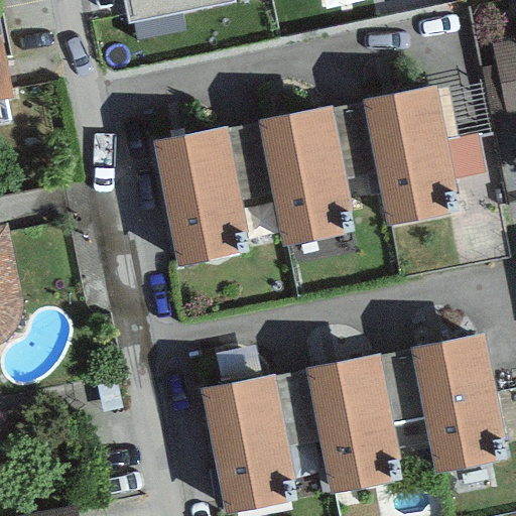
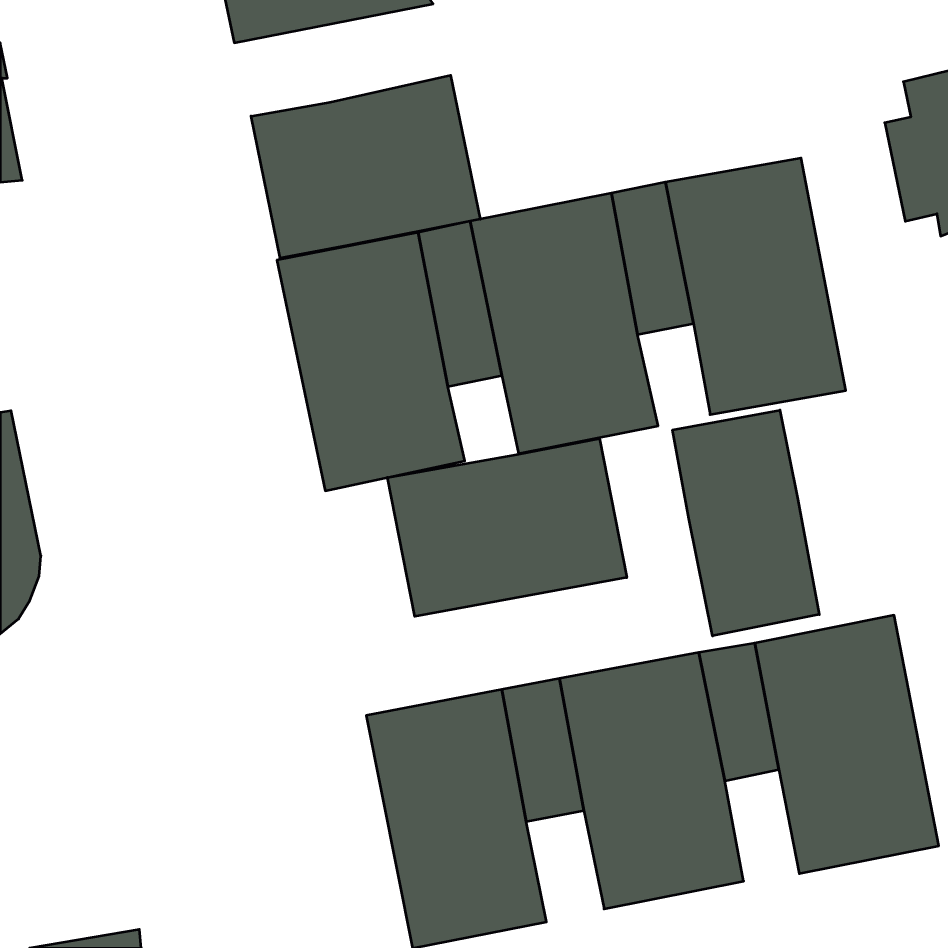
building: none -> [251,75,480,258]
building: none -> [673,410,819,636]
building: none -> [387,439,627,616]

